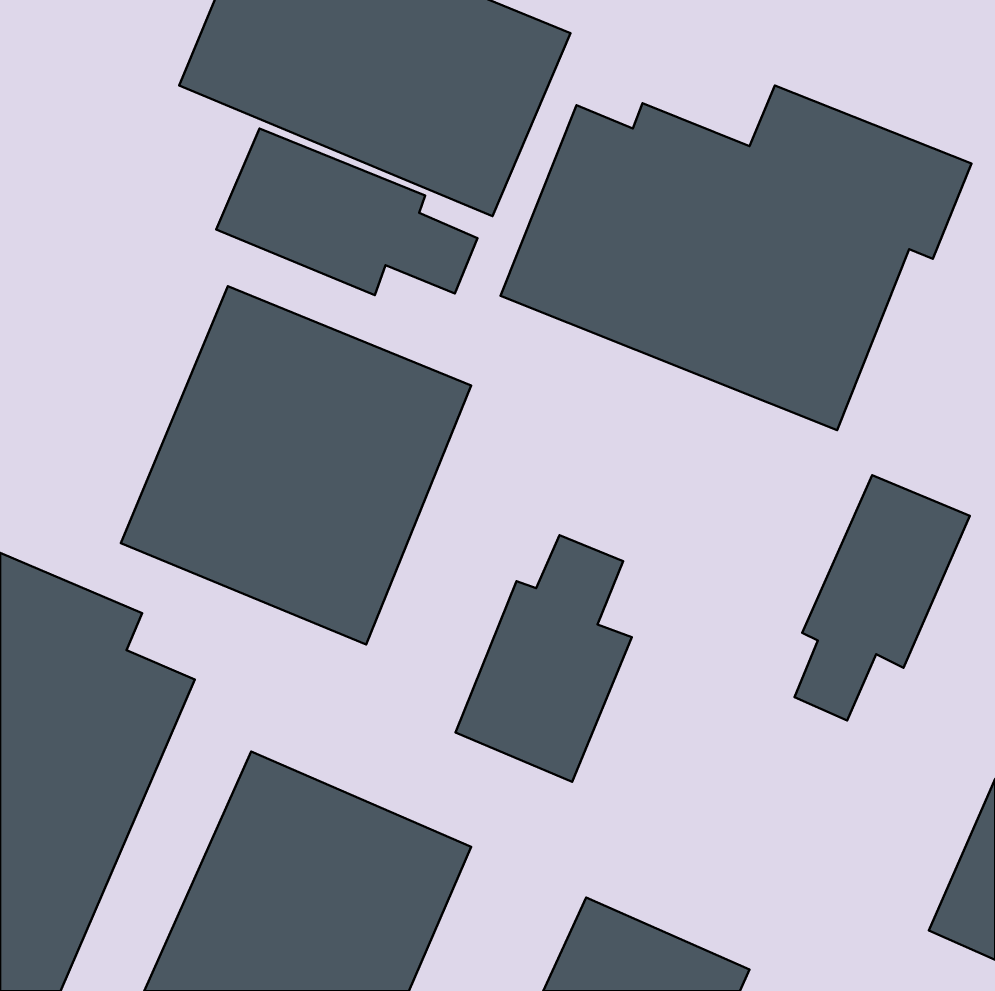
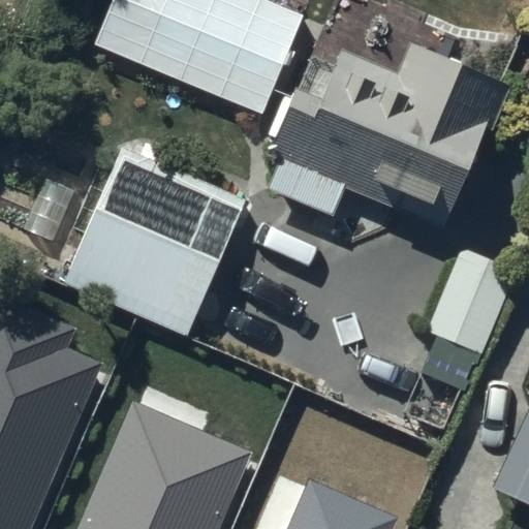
building: [216,129,477,295] -> none
building: [456,535,632,782] -> none

